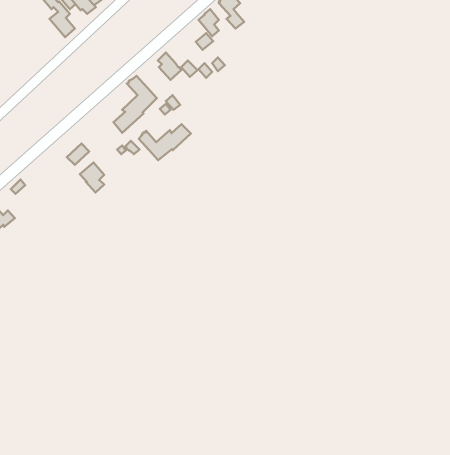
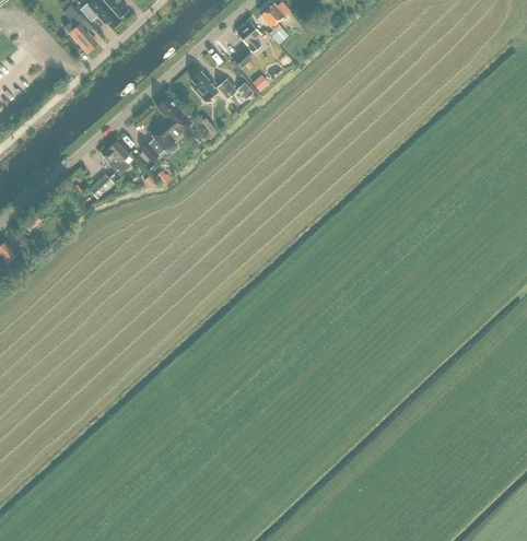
building: [139,124,191,160] -> none
building: [80,162,104,192] -> [102,140,129,174]

